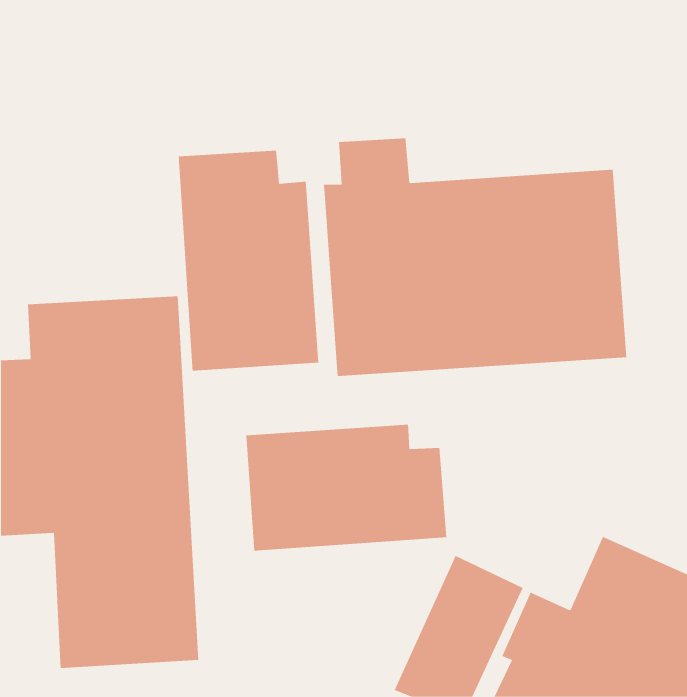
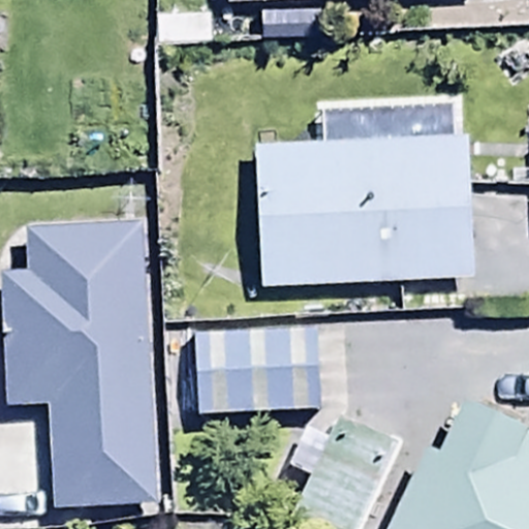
building: [178,150,319,371] -> none

